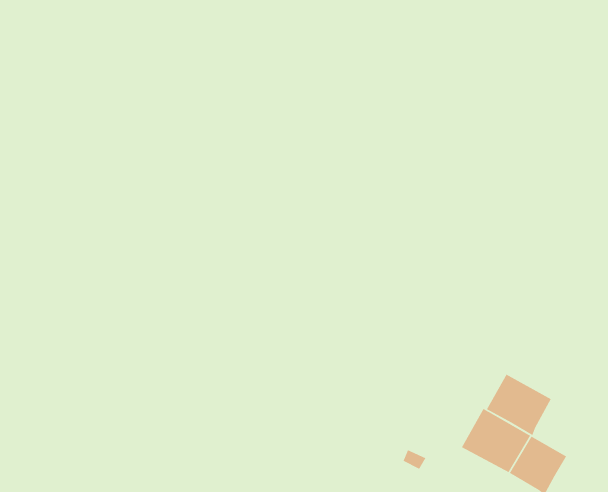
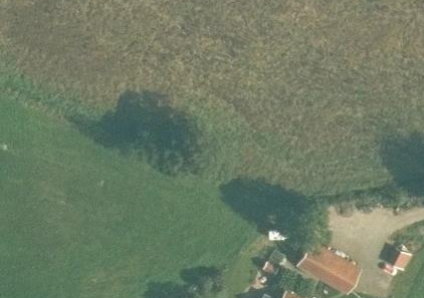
building: [486,374,552,436] -> none

